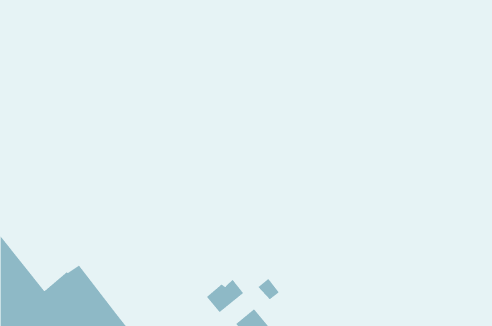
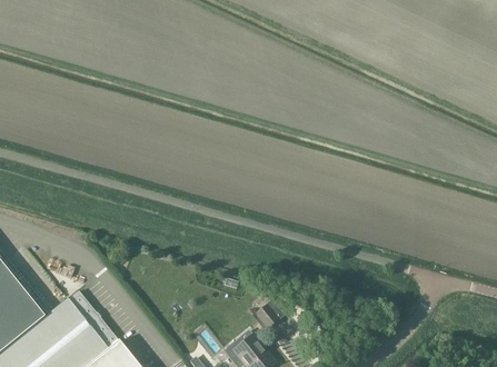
building: [206,279,244,313] -> none

